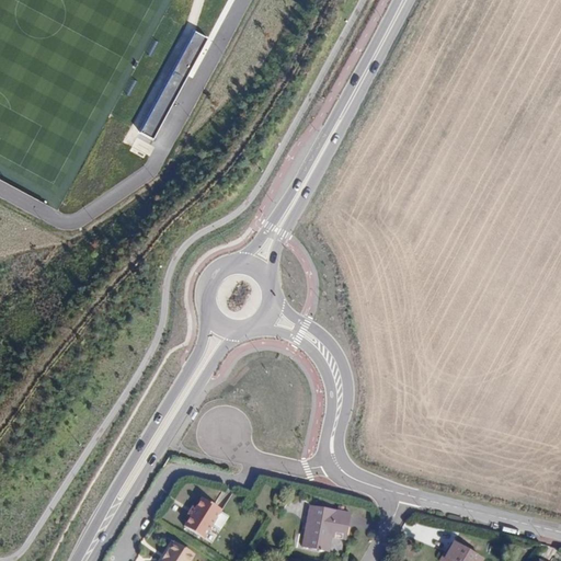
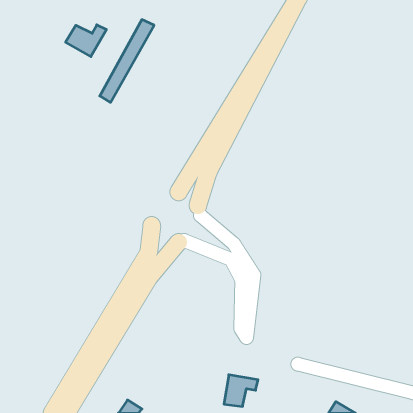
building: none -> [66,25,106,57]
building: [183,495,219,536] -> none

